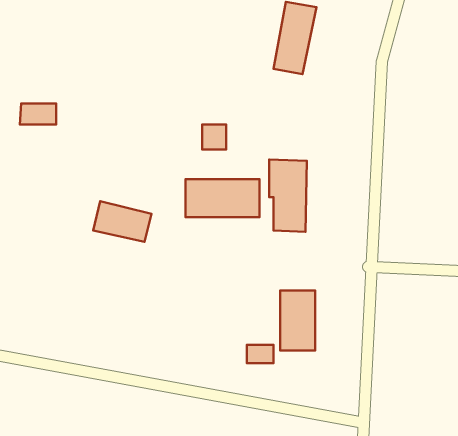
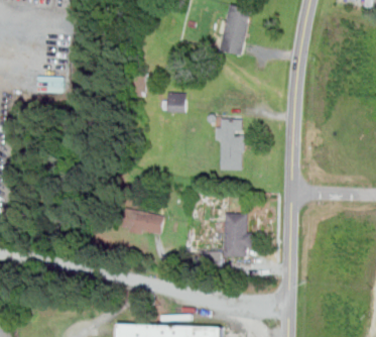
building: [185,179,259,217] -> none
building: [93,201,152,242] -> [121,207,163,236]

